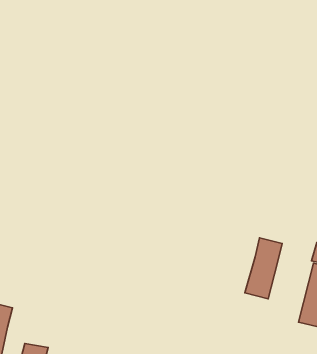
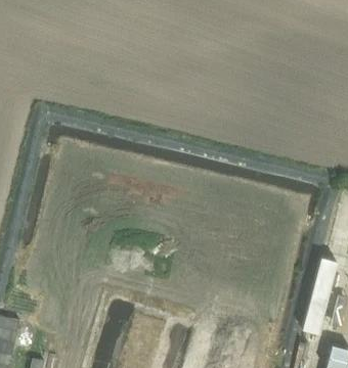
building: [245,238,282,299] -> none

